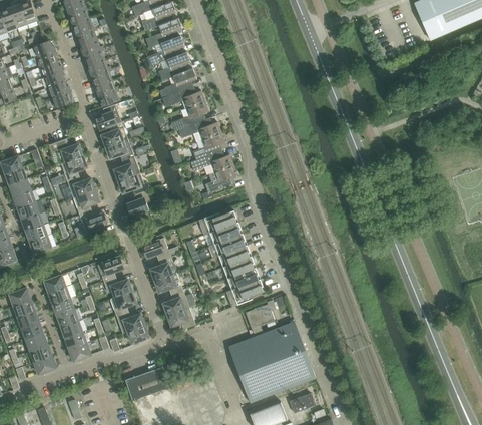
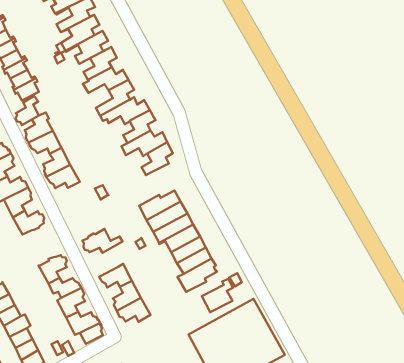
building: [126,190,149,217] -> none
building: [150,252,178,282] -> none

